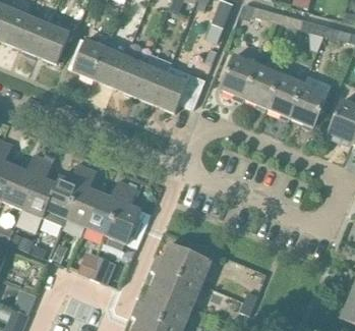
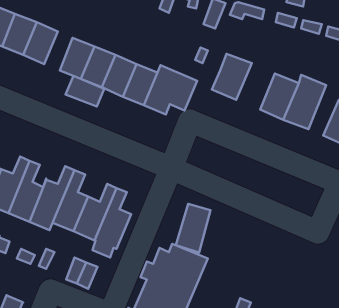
building: [243,63,281,108] -> none
building: none -> [66,76,104,107]
building: none -> [176,204,211,252]

